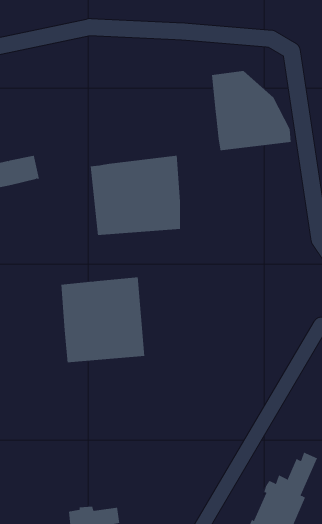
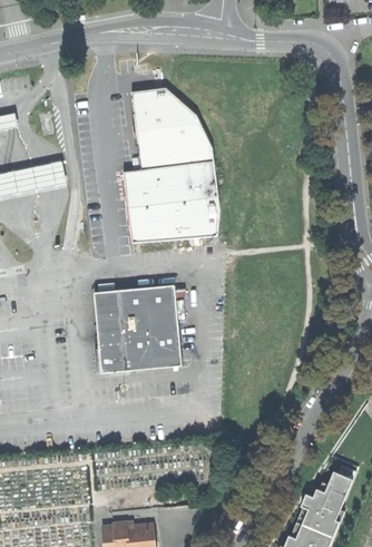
building: [211,70,292,151] -> [130,87,213,169]

